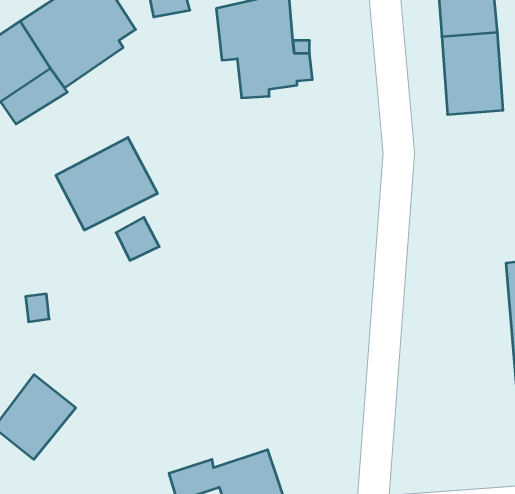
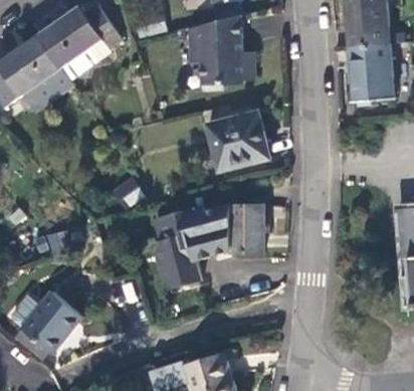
building: none -> [204,110,266,168]
building: [56,137,157,230] -> none
building: none -> [157,201,266,284]

